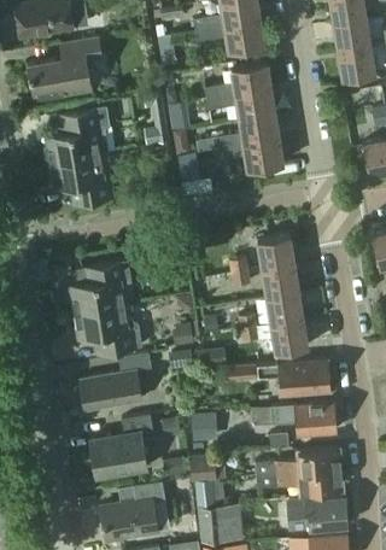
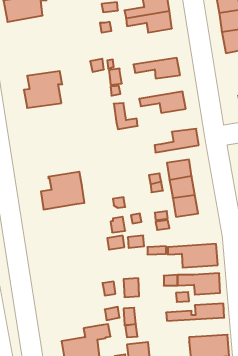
building: [28,37,101,96] -> none
building: [205,62,270,98] -> none
building: [214,113,279,148] -> [155,129,199,152]
building: [49,154,112,204] -> none
building: [74,303,141,355] -> none
building: [269,317,308,355] -> none
building: [80,352,151,410] -> none
building: [89,414,153,478] -> none
building: [256,470,341,493] -> none

